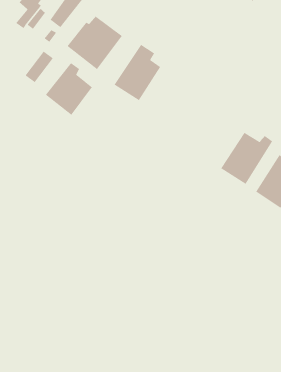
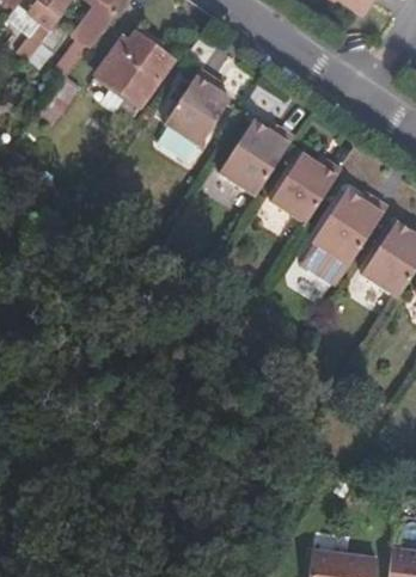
building: [45,62,93,116] -> none
building: none -> [216,122,292,198]
building: none -> [268,153,341,226]

